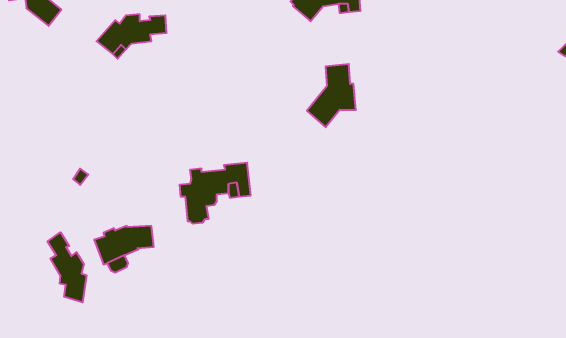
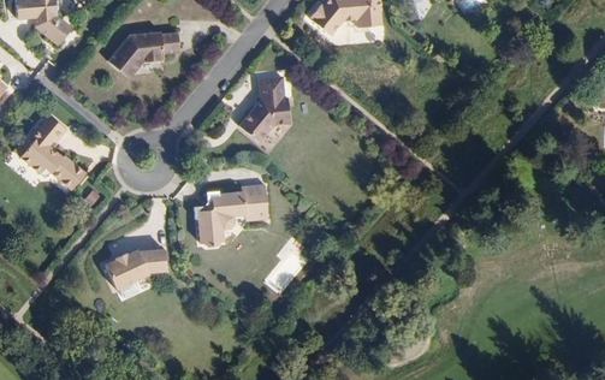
building: [307,64,356,127] -> [242,73,292,138]
building: none -> [18,113,84,189]
building: [48,232,87,302] -> none

